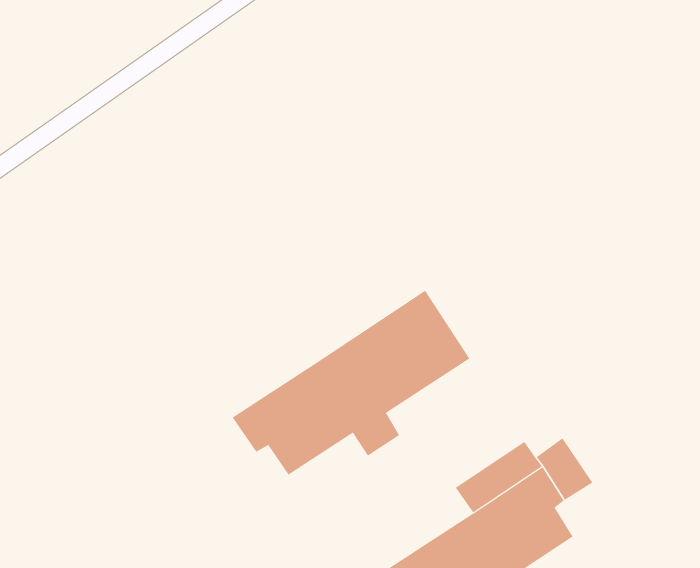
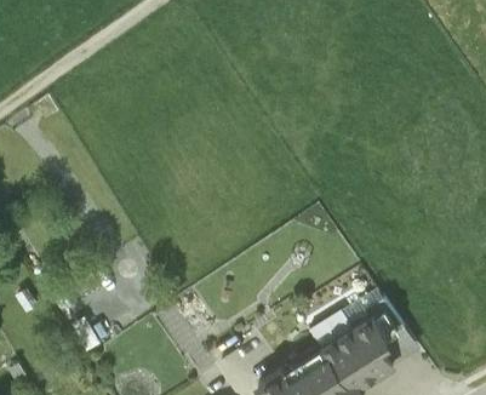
building: [232,290,470,475] -> none

